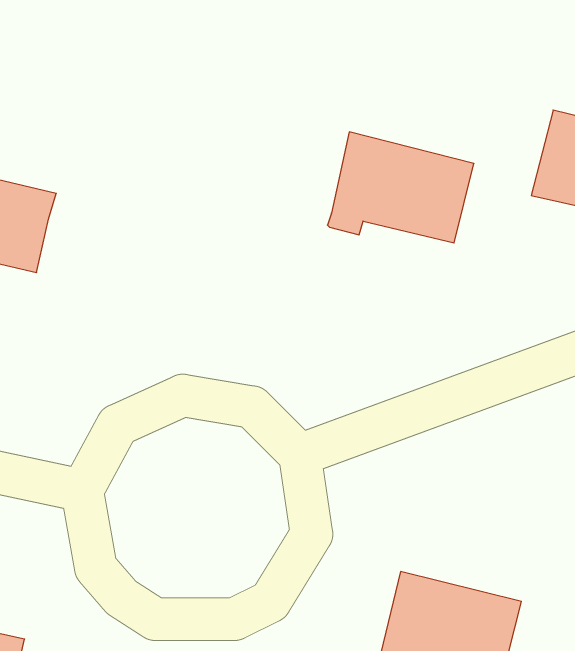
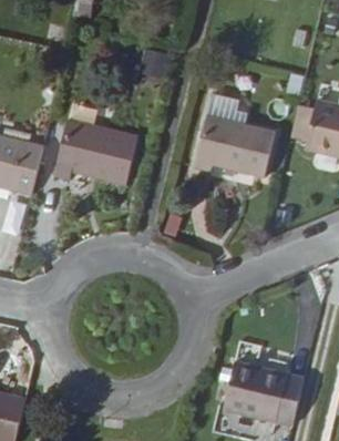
building: none -> [52,119,135,182]

